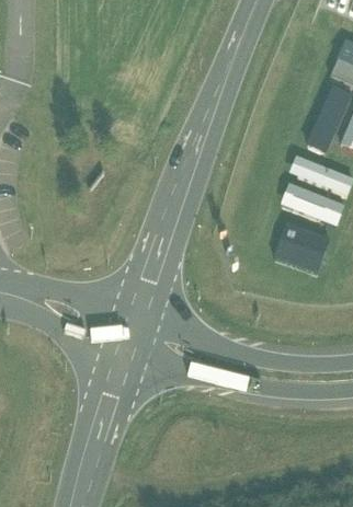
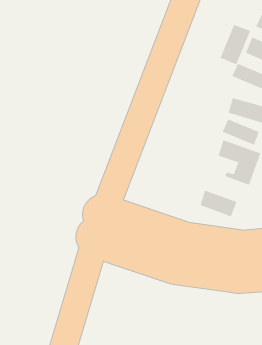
building: none -> [220,24,251,65]
building: none -> [200,190,237,217]

